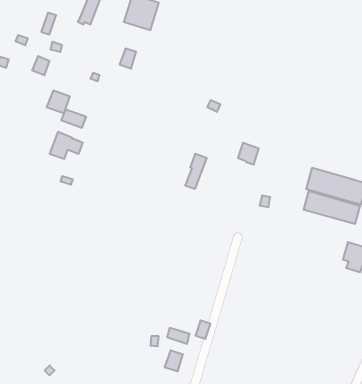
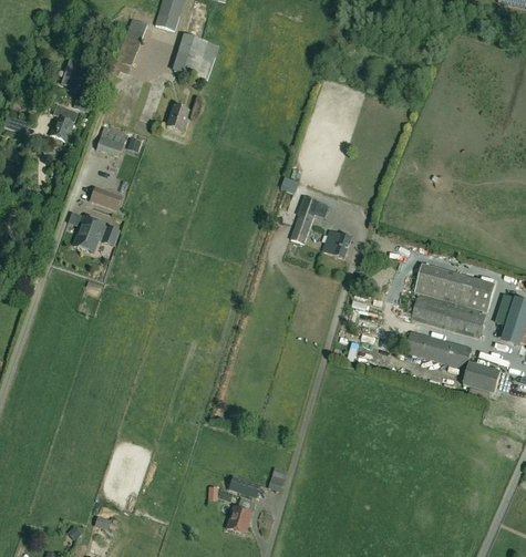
building: [47,91,70,113] -> [95,125,126,155]
building: [185,154,207,189] -> [290,195,319,241]
building: none -> [405,329,472,368]

